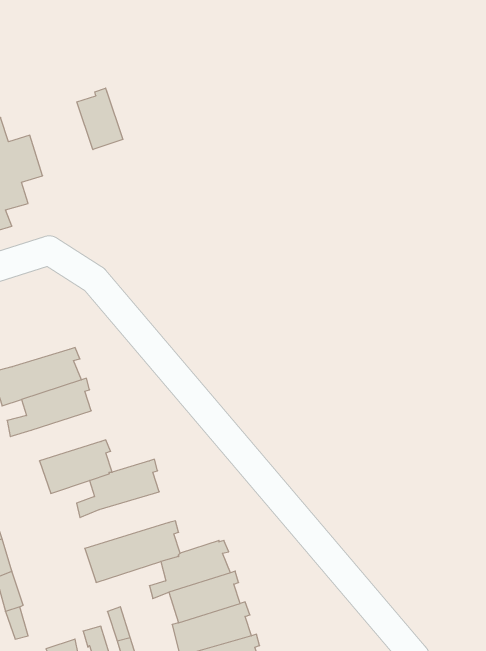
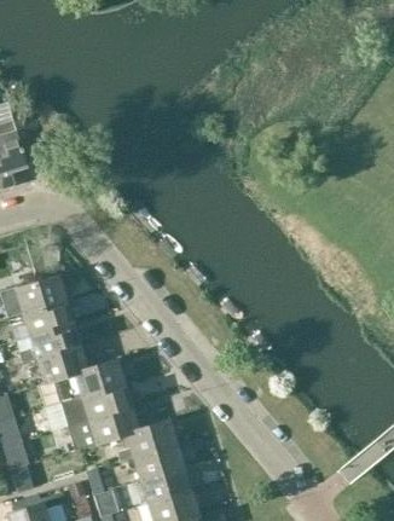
building: [77,88,123,150] -> none
building: none -> [18,320,81,364]
building: none -> [44,381,132,430]

